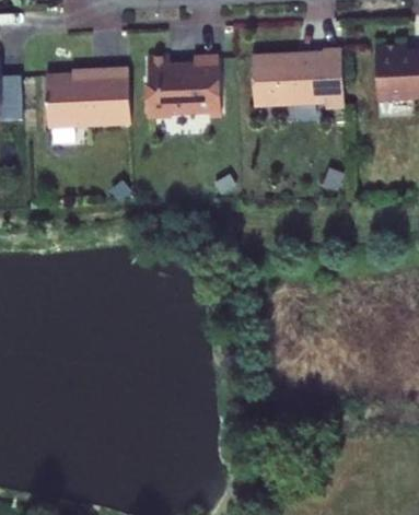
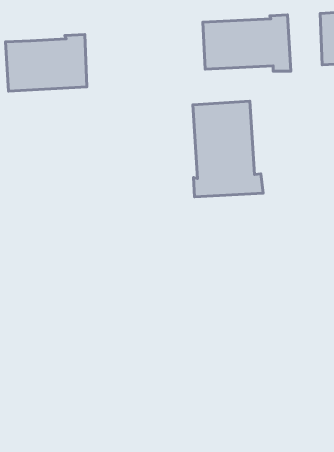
building: [147,56,221,119] -> none
building: none -> [193,101,263,197]

